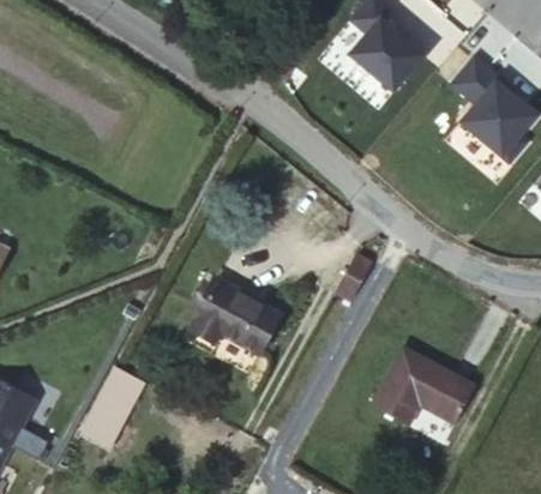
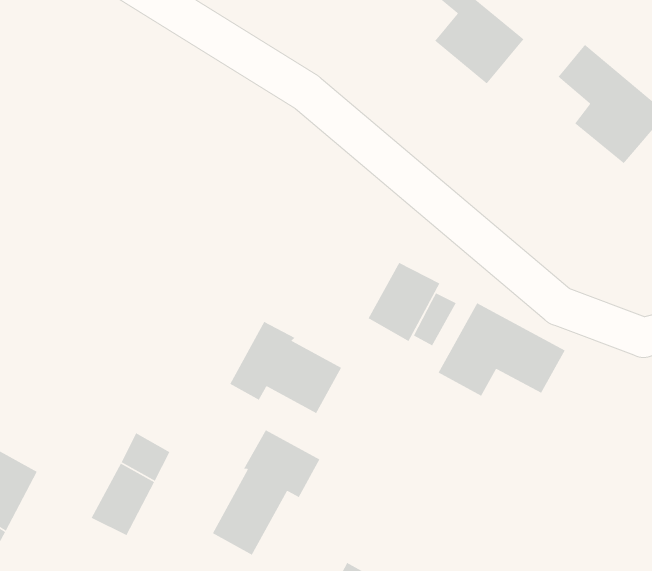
building: none -> [367,262,440,342]
building: [372,350,474,426] -> [438,302,566,397]
building: none -> [212,429,321,556]

